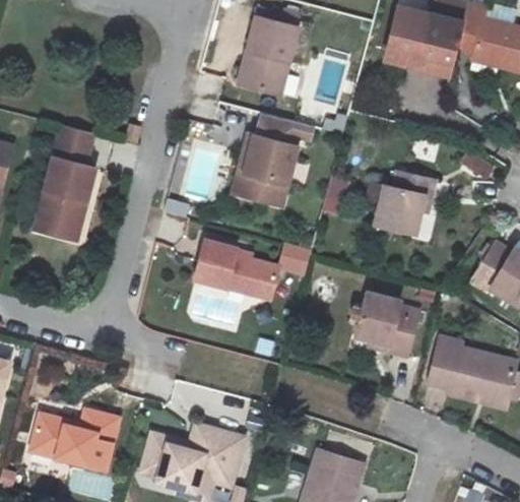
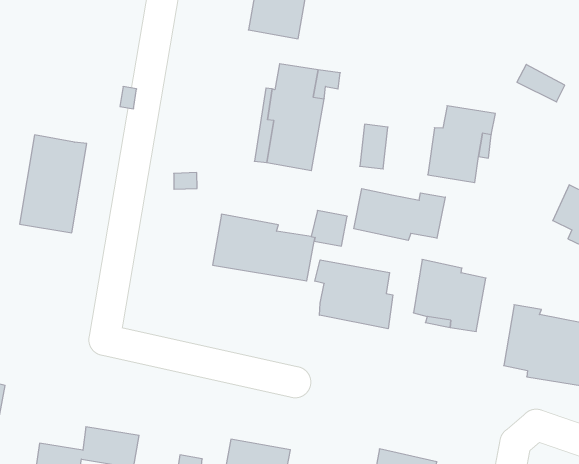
building: [54,127,94,168] -> none
building: none -> [354,189,445,240]
building: none -> [315,260,393,329]

